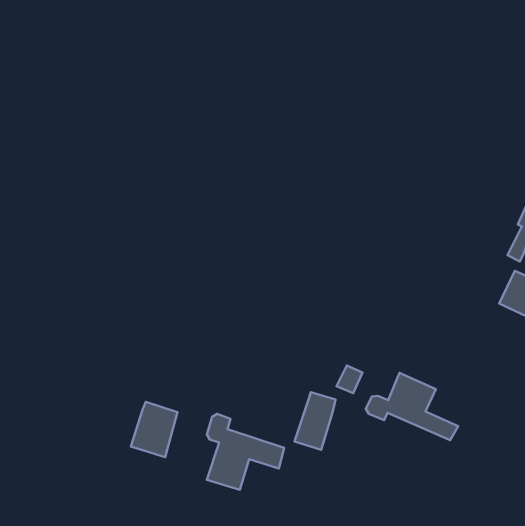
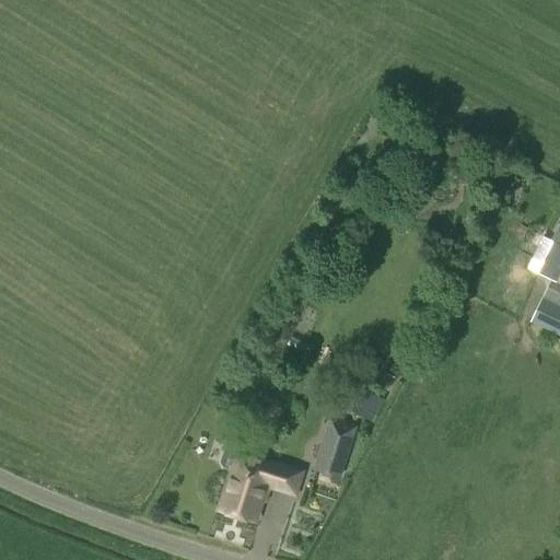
building: [366,373,458,440] -> none
building: [131,402,177,457] -> none

